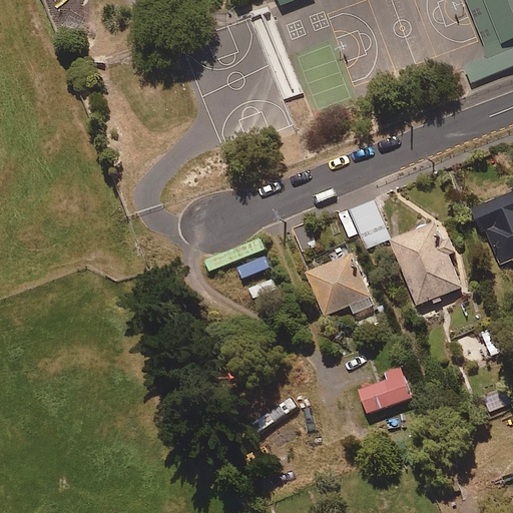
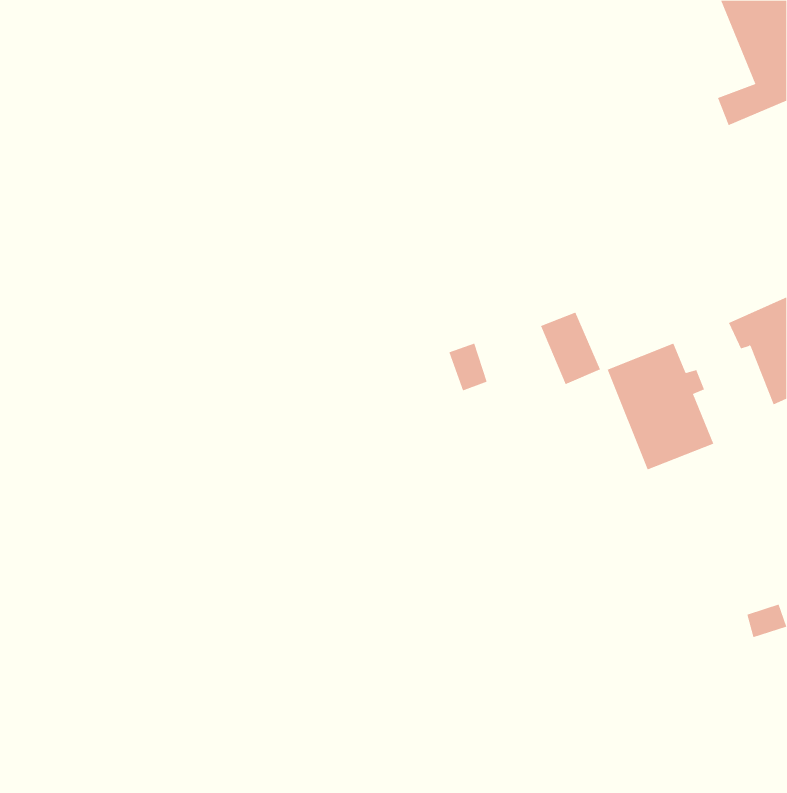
building: [306,252,372,316] -> none
building: [359,368,411,413] -> none

